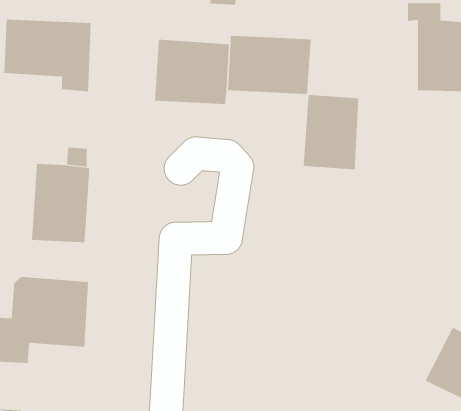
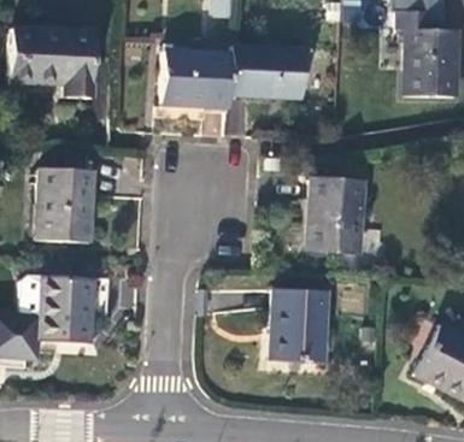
building: [303,94,359,170] -> [307,178,362,251]
building: none -> [272,289,329,360]

